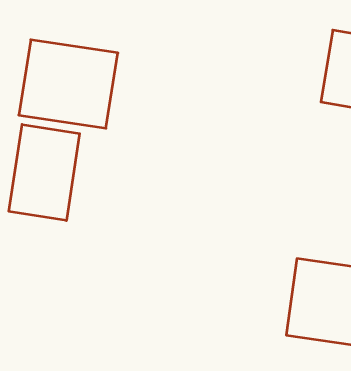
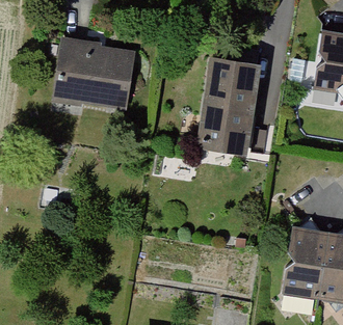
building: none -> [196,57,258,153]
building: [9,124,80,221] -> none

